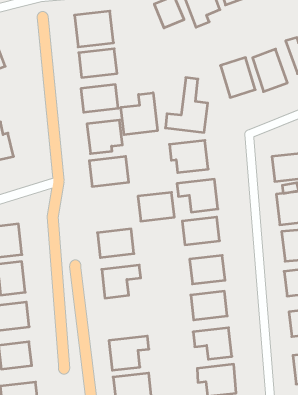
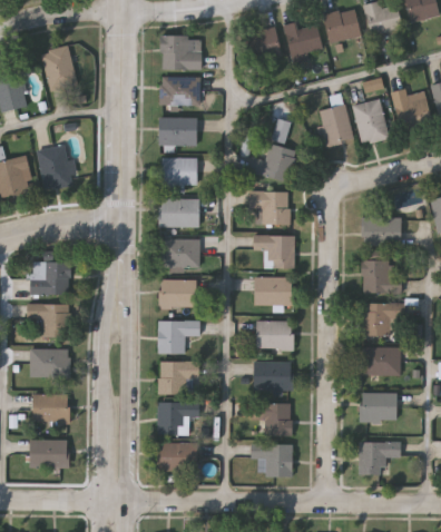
building: [121,93,157,135] -> none
building: [138,192,174,221] -> [161,239,199,267]
building: none -> [158,362,199,394]

